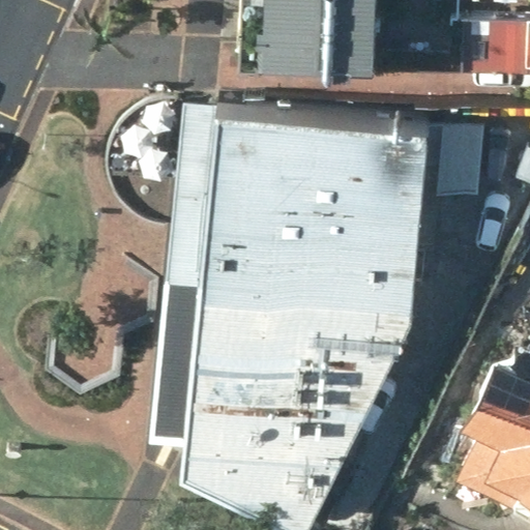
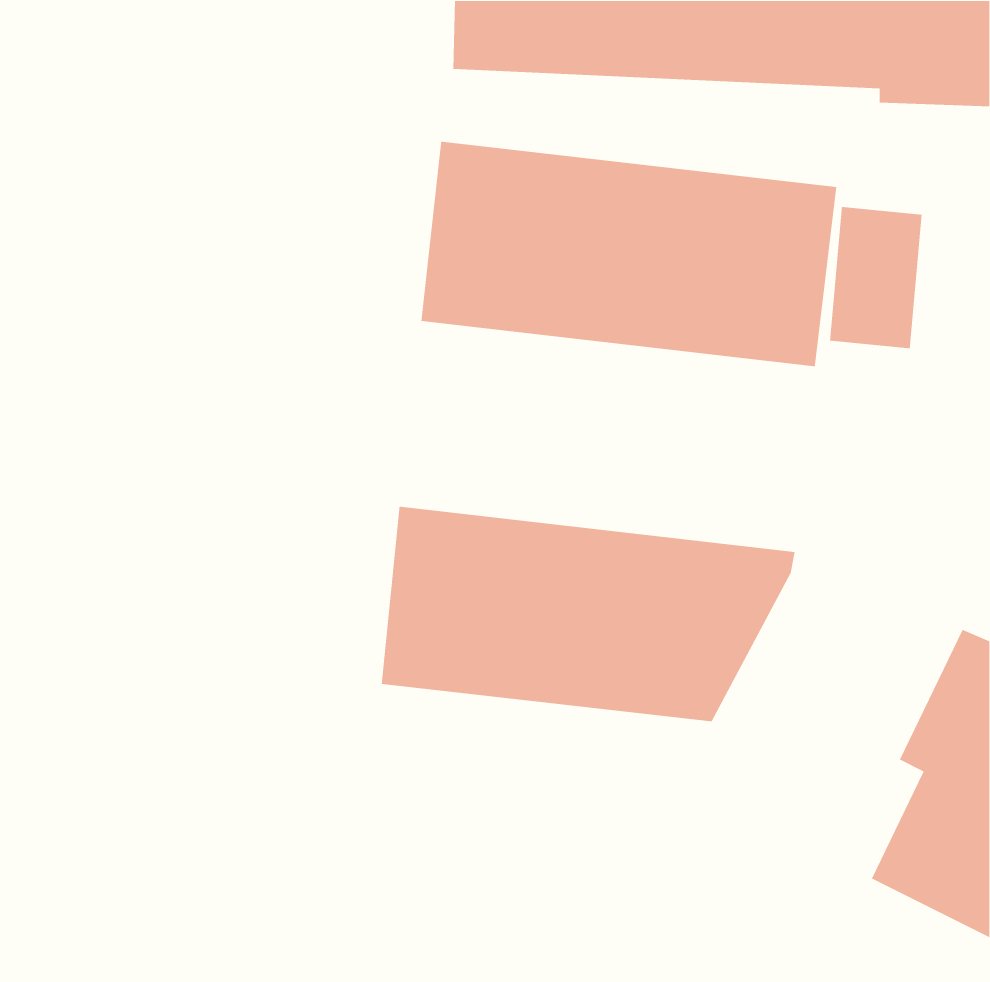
building: [208,184,425,304] -> none
building: [190,374,372,513] -> none

